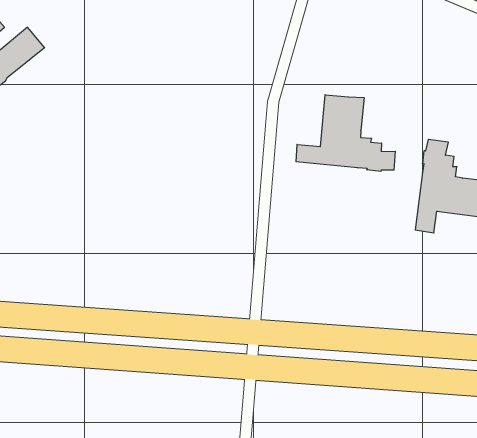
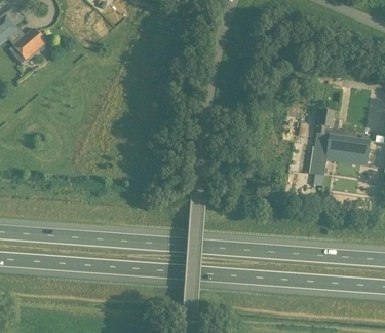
building: [296,95,395,171] -> none

